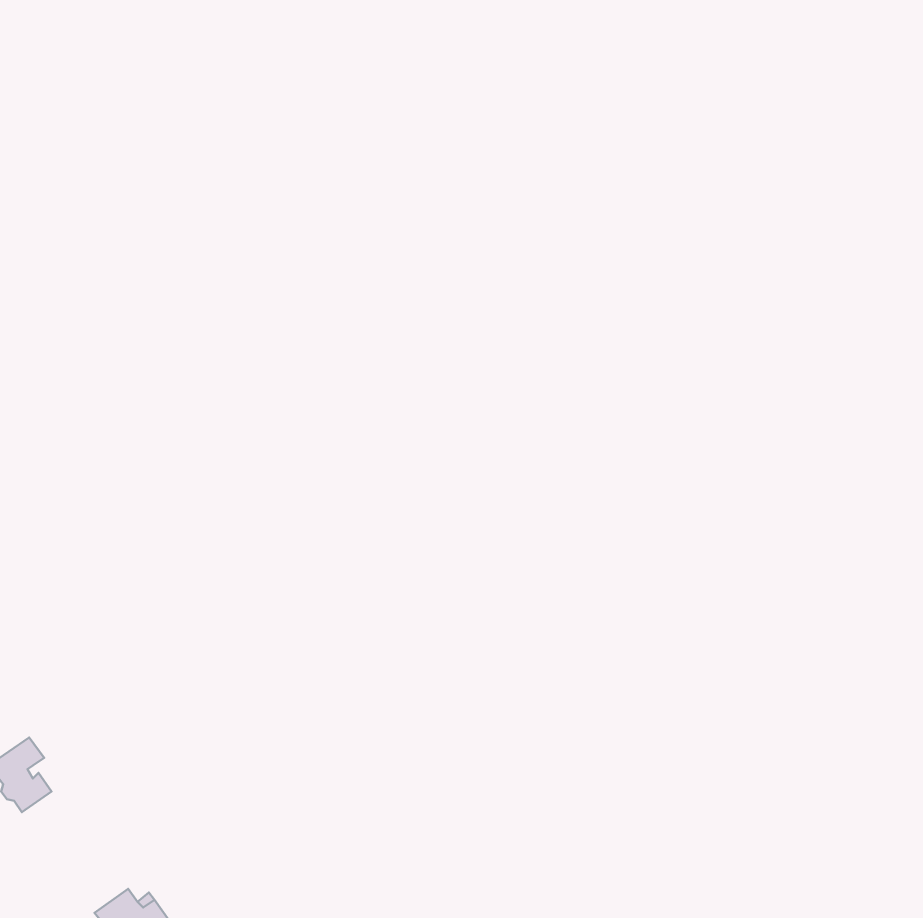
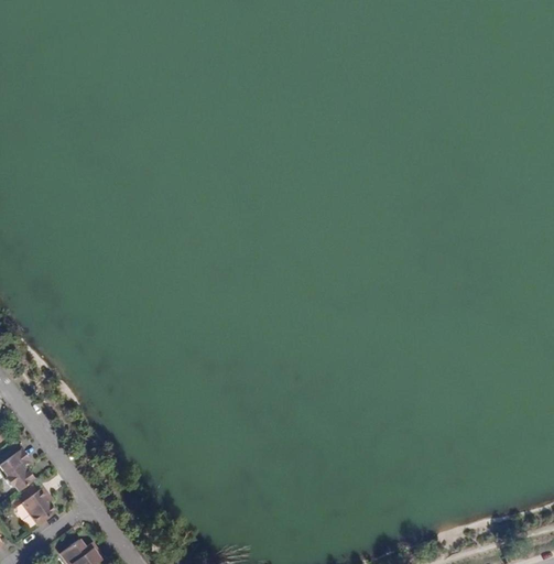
building: none -> [20,486,55,525]

